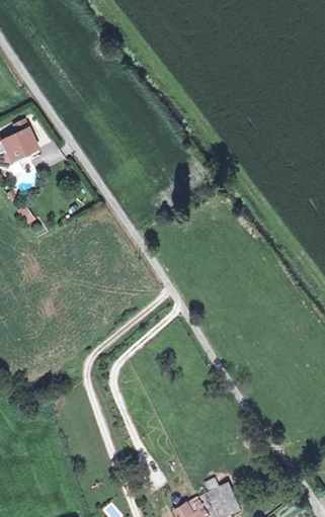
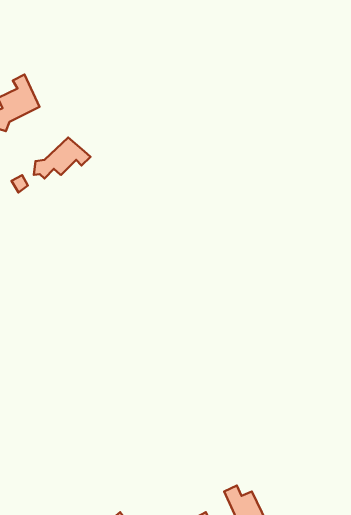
building: none -> [34,137,90,178]

